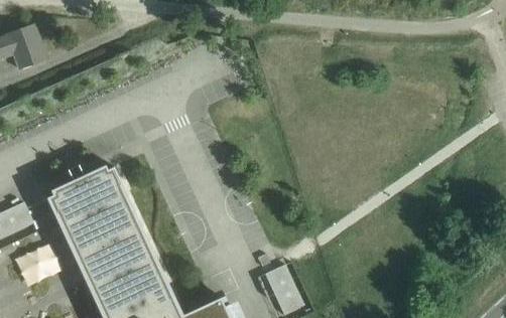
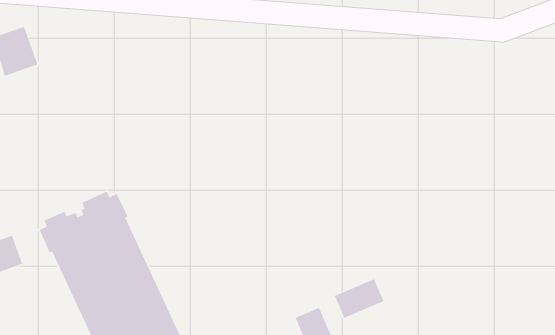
building: none -> [334,278,384,319]

